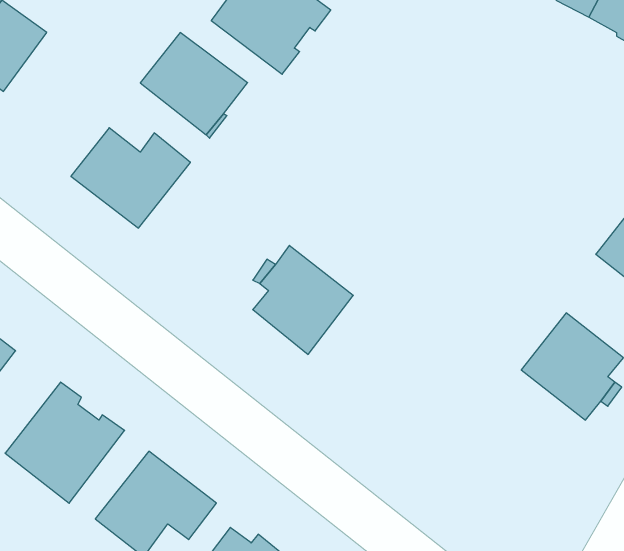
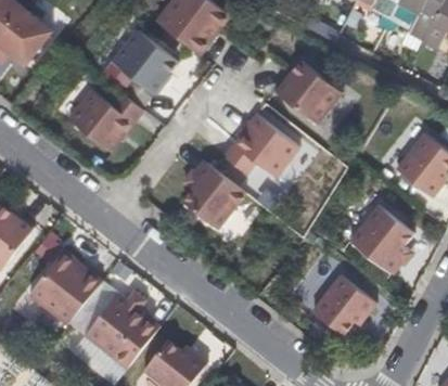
building: none -> [274,61,342,125]
building: none -> [223,115,299,178]
building: none -> [312,275,376,336]

